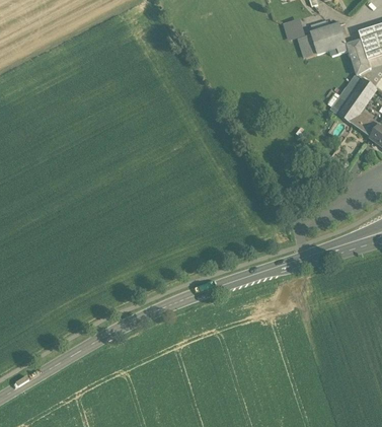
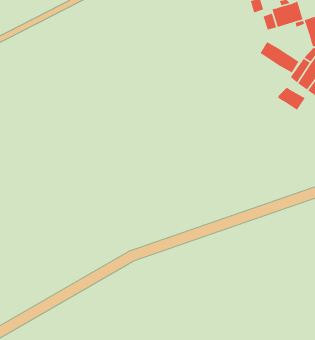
building: none -> [260,41,300,74]
building: none -> [277,87,306,111]

